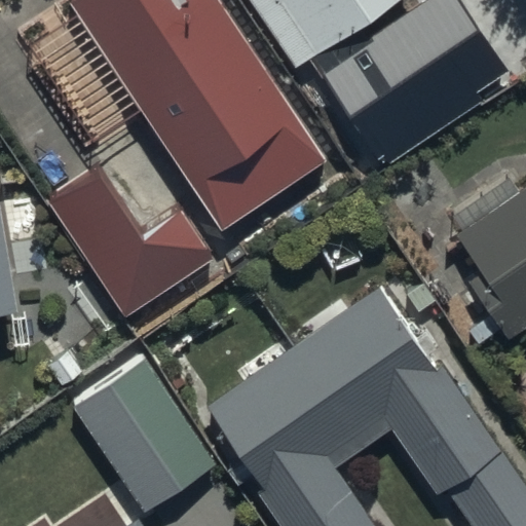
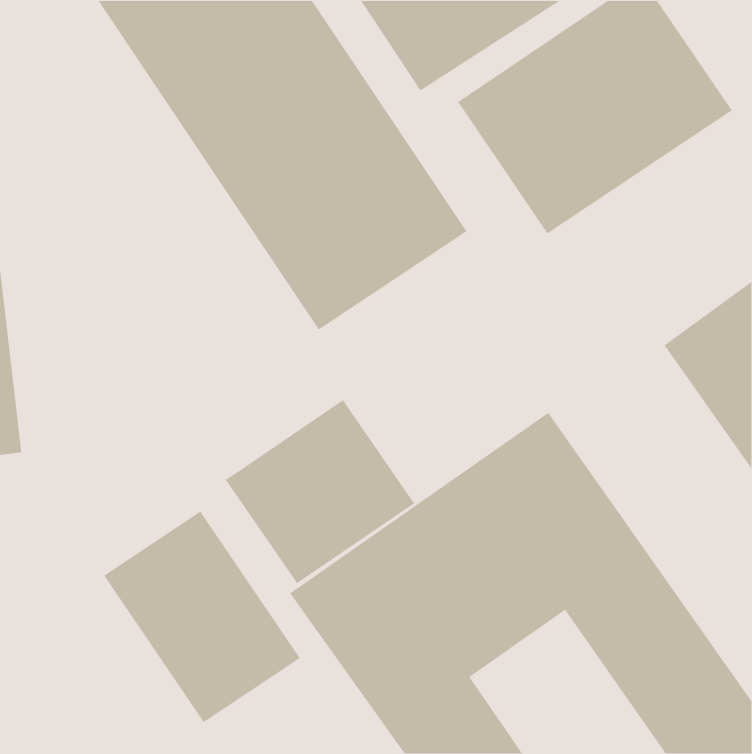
building: [48,168,214,316] -> none
building: none -> [225,399,415,584]

